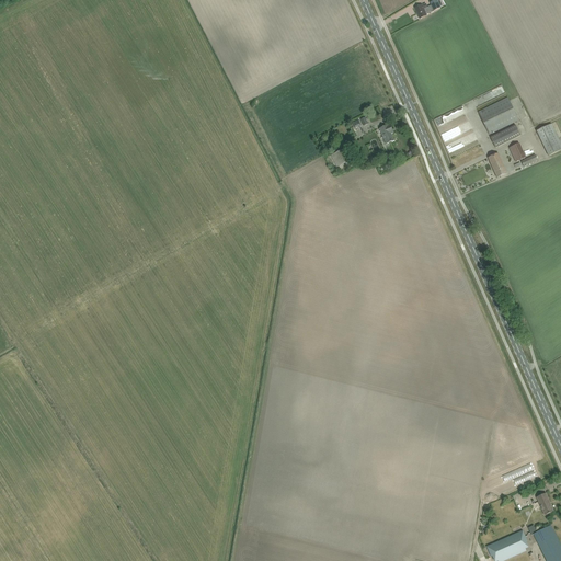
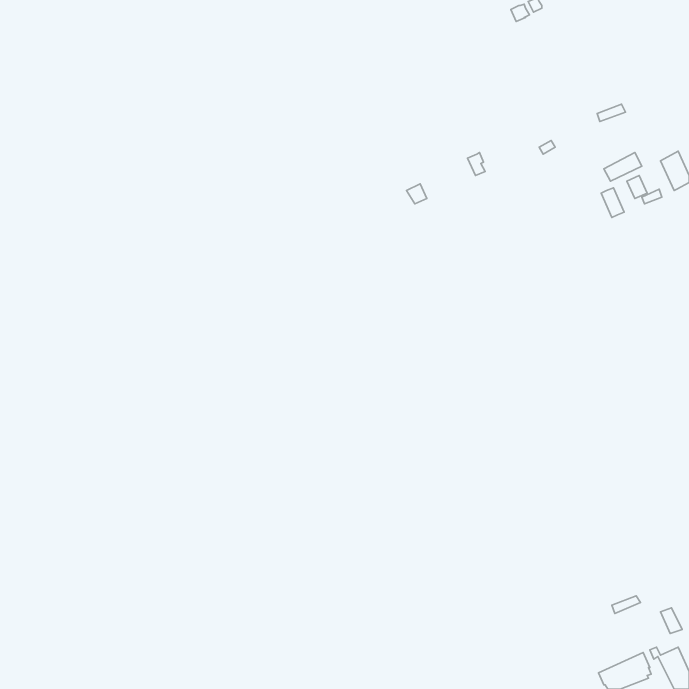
building: [478,98,518,134] -> none

